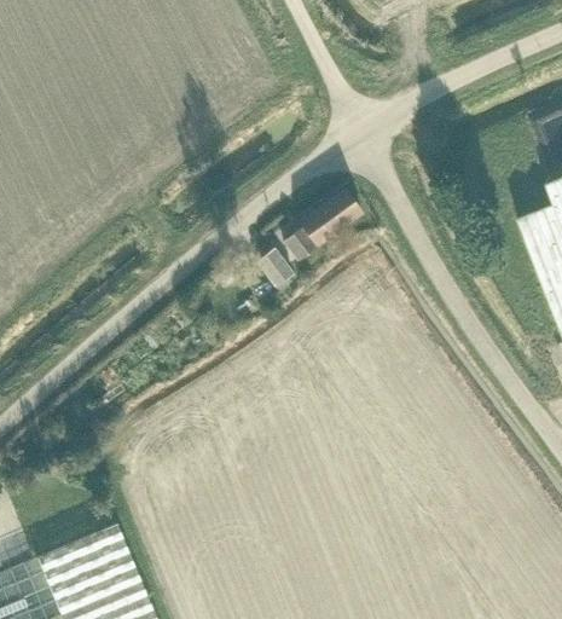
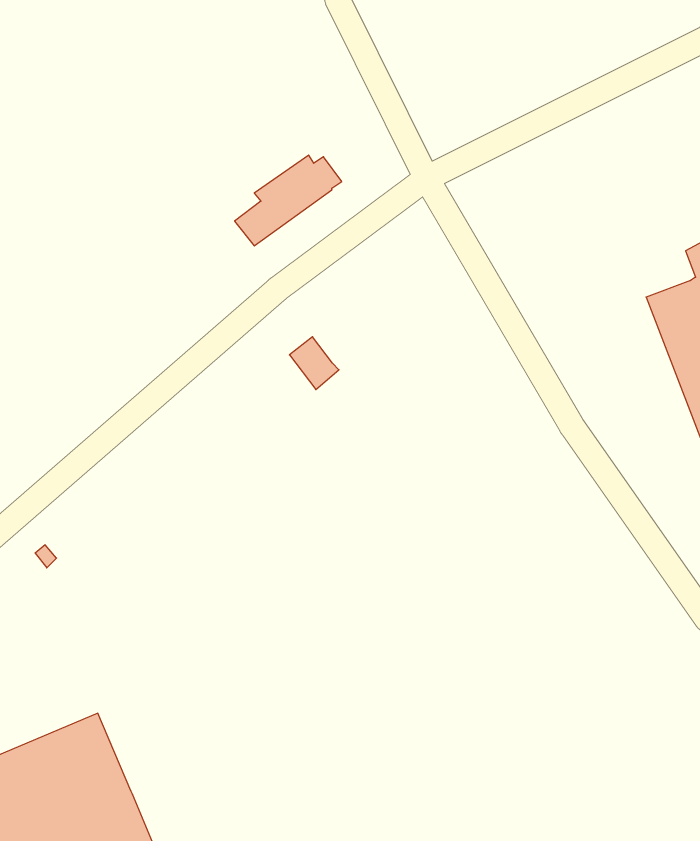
building: [284,193,363,260] -> [235,155,342,246]

